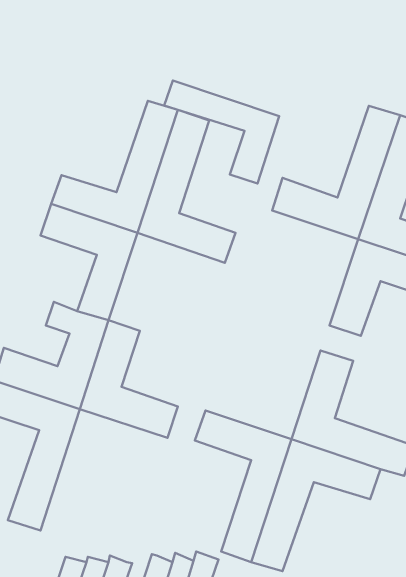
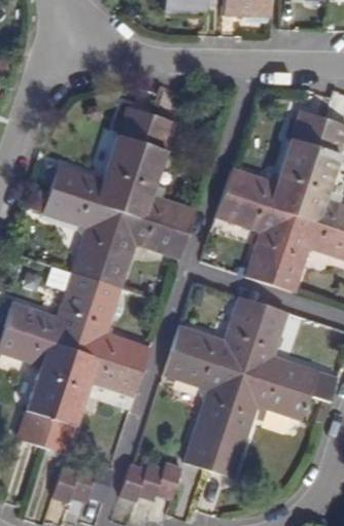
building: [164,80,279,183] -> none
building: none -> [216,192,294,283]
building: none -> [97,210,188,287]
building: none -> [173,294,264,373]
building: none -> [43,349,143,453]

